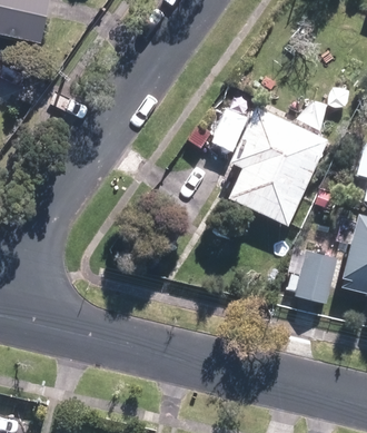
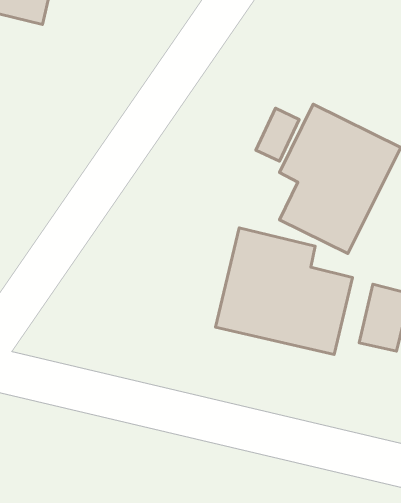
building: none -> [216,228,353,355]

